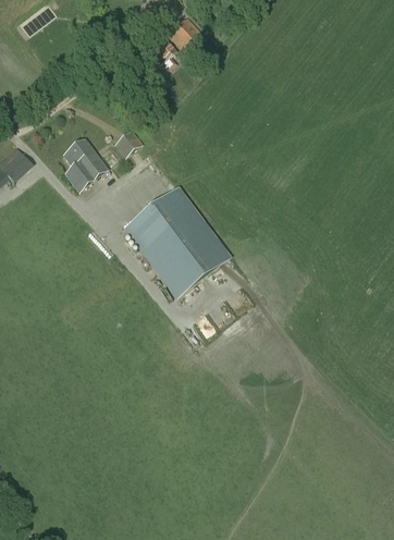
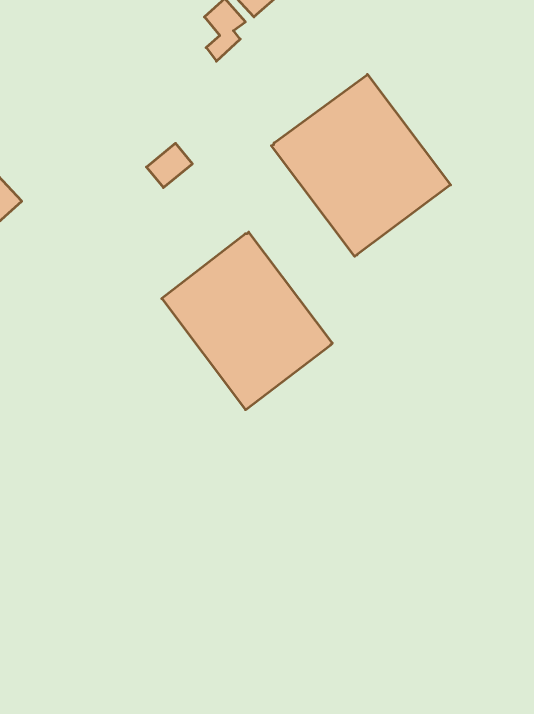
building: none -> [271,74,451,256]
building: [62,137,107,189] -> none

